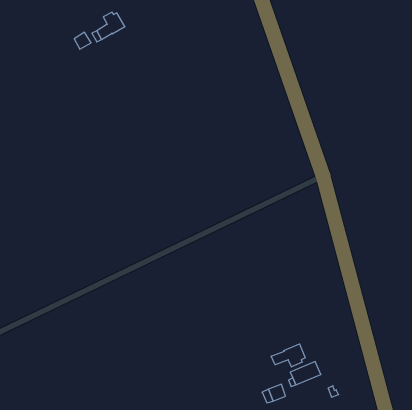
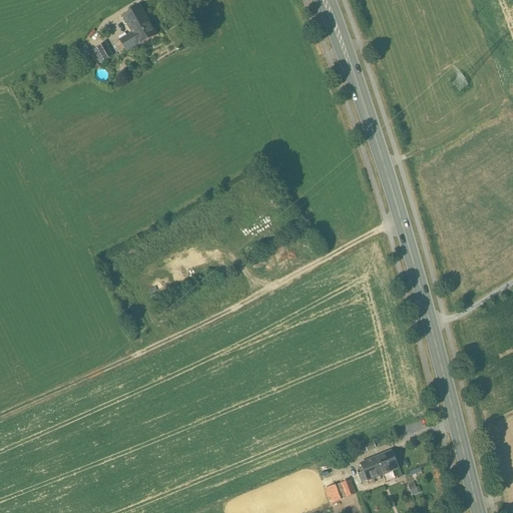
building: [271,344,305,367] -> none

